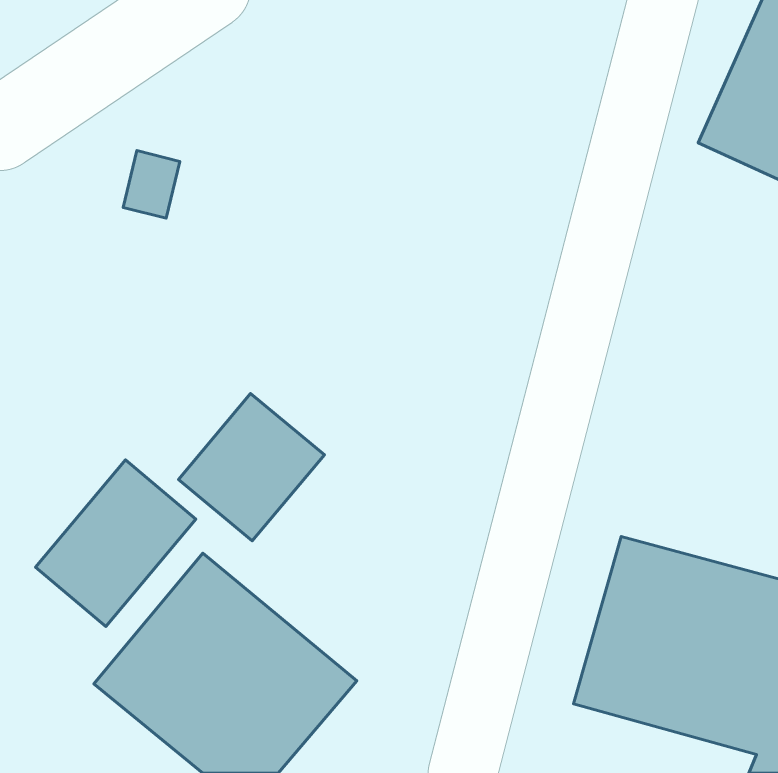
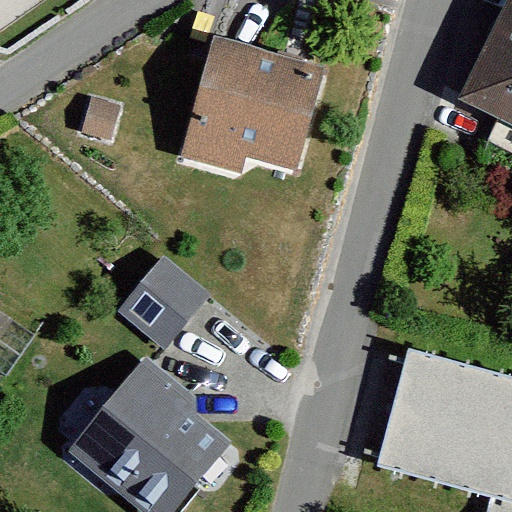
building: none -> [178,47,320,177]
building: [35,460,196,627] -> none

